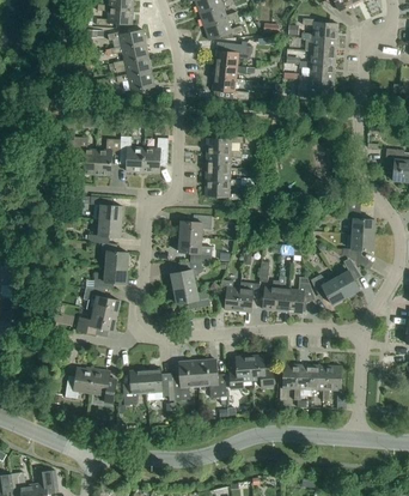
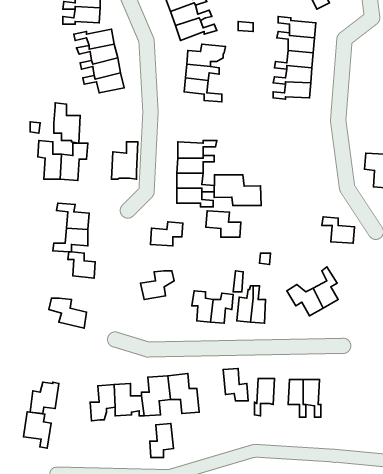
building: [120,135,145,174] -> [54,103,80,143]
building: none -> [214,175,261,205]
building: [338,234,374,262] -> none
building: [179,236,213,261] -> [206,211,241,237]
building: [93,266,127,290] -> none
building: [289,277,316,313] -> none
building: [175,285,210,309] -> none
building: [77,310,117,334] -> none
building: [230,356,252,388] -> [150,424,173,457]
building: [294,364,313,407] -> none
building: [90,369,116,404] -> [23,412,51,448]

